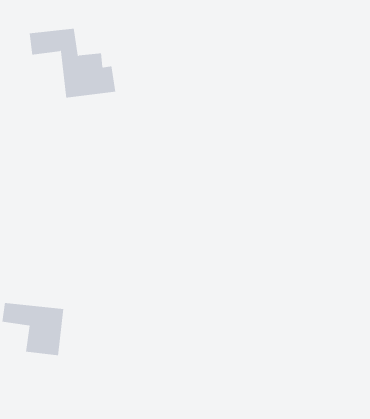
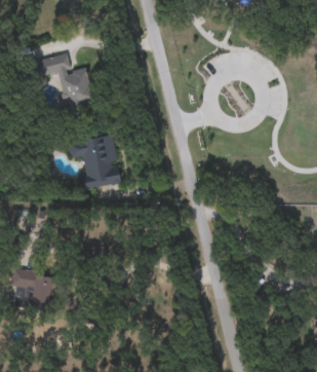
building: none -> [68,134,120,188]

